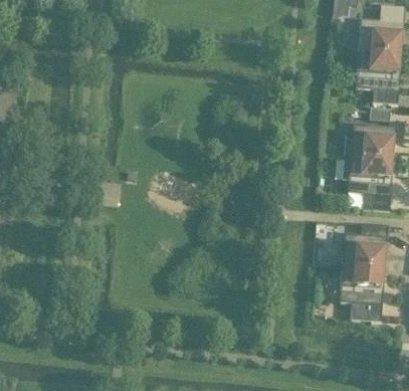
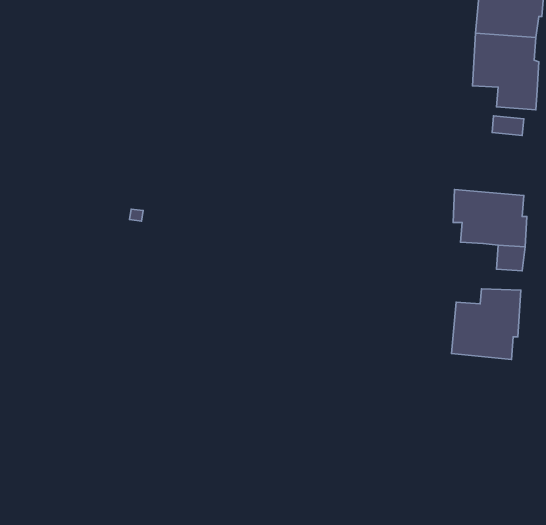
building: [345,124,397,162] -> none
building: [340,267,385,322] -> none

